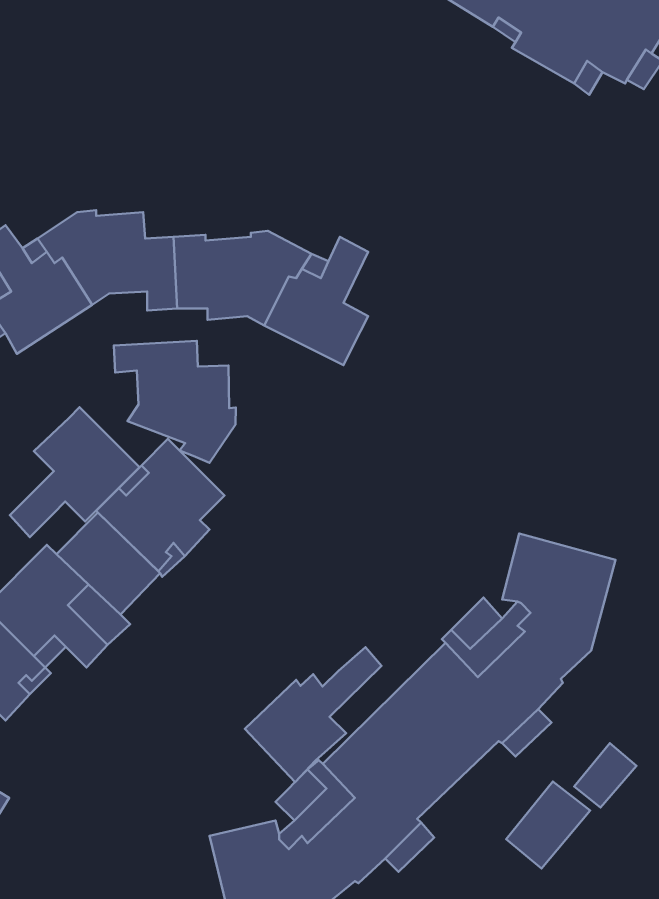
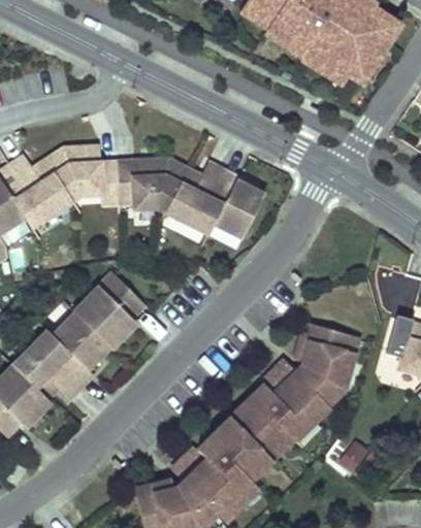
building: none -> [209,170,264,236]
building: [114,341,236,463] -> none
building: [10,407,140,537] -> none
building: [245,647,381,782] -> none
building: [506,781,590,868] -> none

